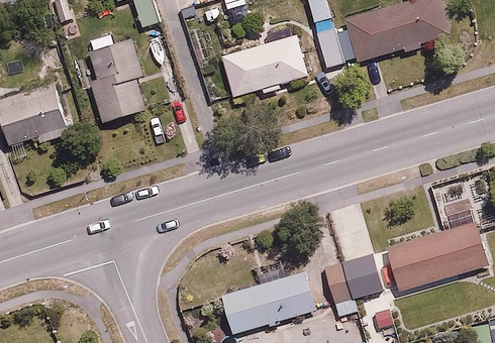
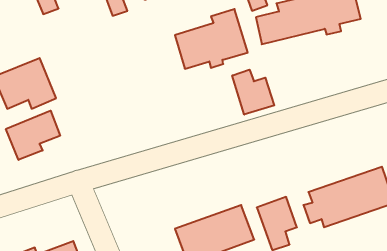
building: [85,31,144,123] -> none
building: none -> [232,70,274,115]
building: none -> [6,111,60,160]

